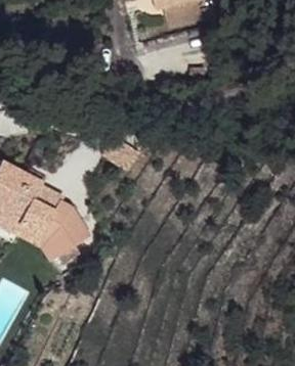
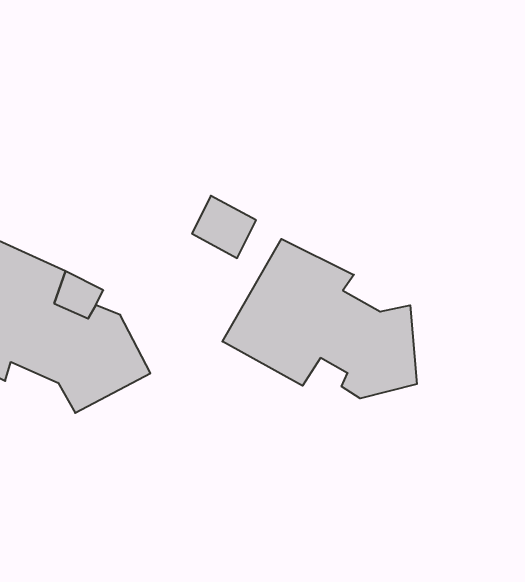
building: none -> [222,239,417,398]

